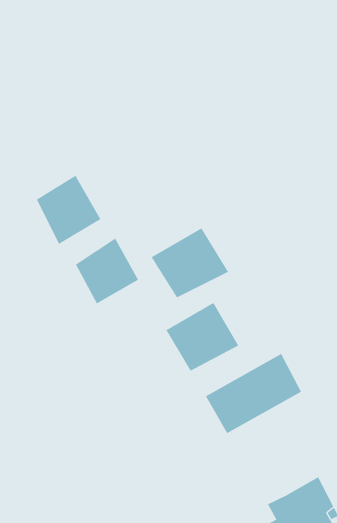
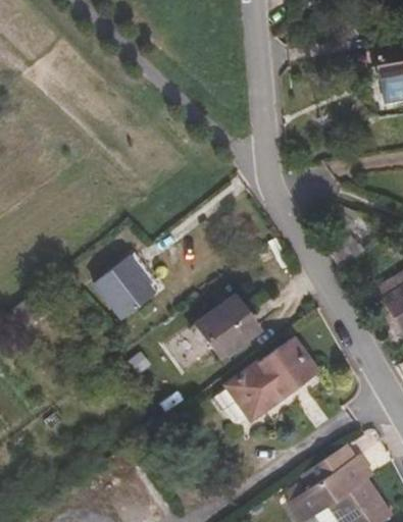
building: [36,175,101,245] -> none
building: [151,228,229,298] -> none

